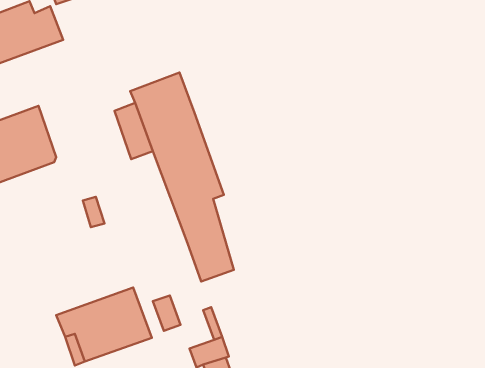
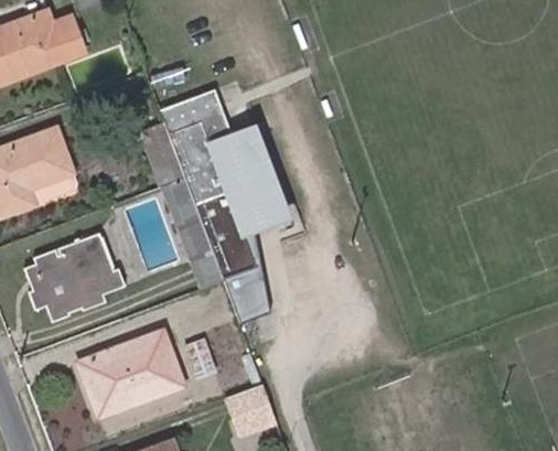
building: none -> [230,124,290,225]
building: none -> [160,176,223,288]
building: none -> [23,232,125,321]

